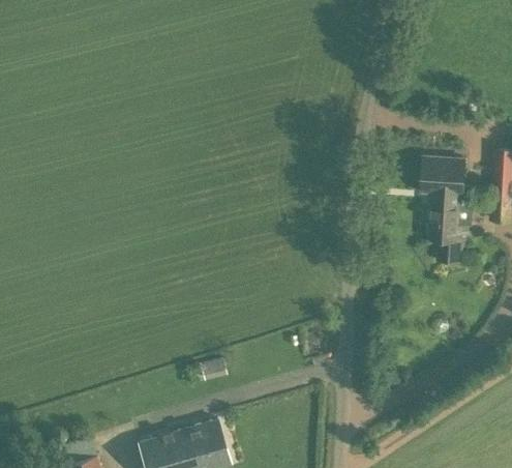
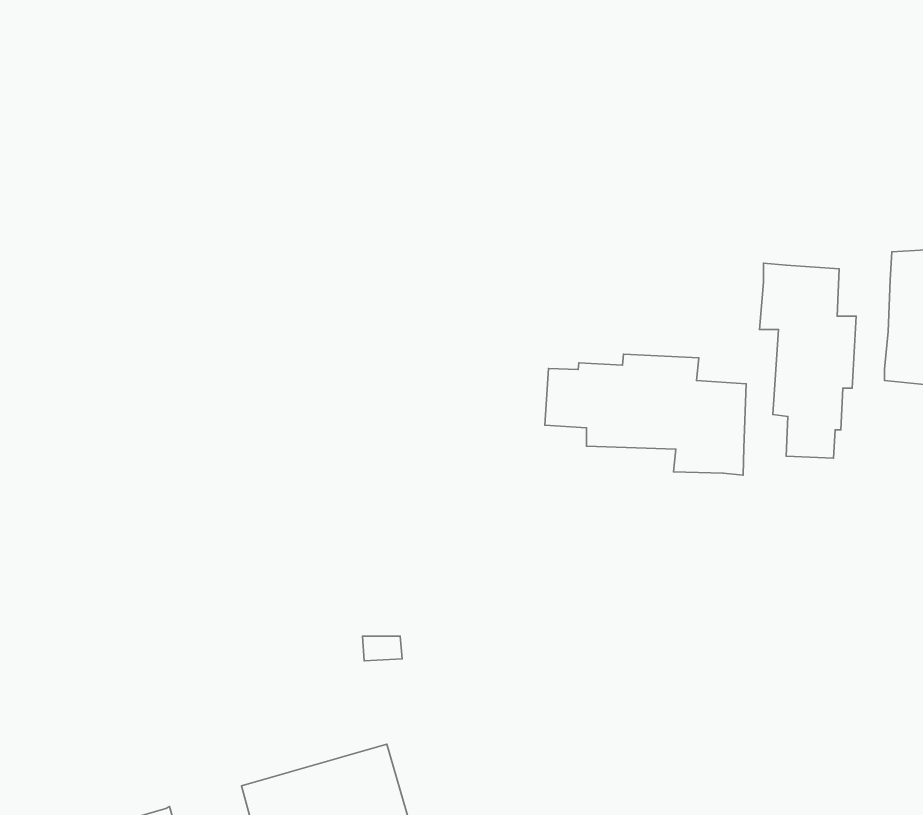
building: none -> [545,354,746,475]

